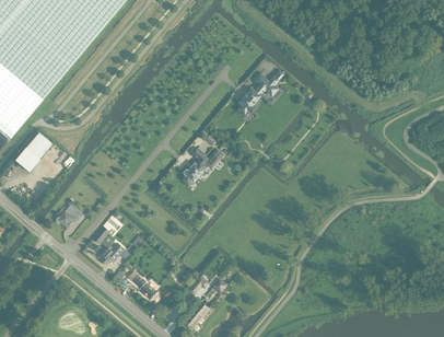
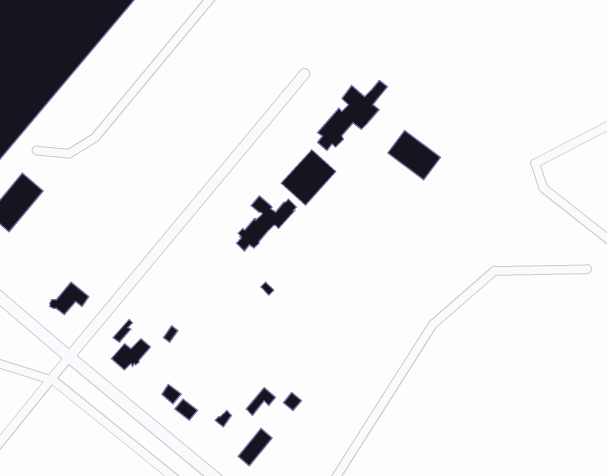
building: none -> [388,130,440,180]
building: none -> [281,150,336,205]

